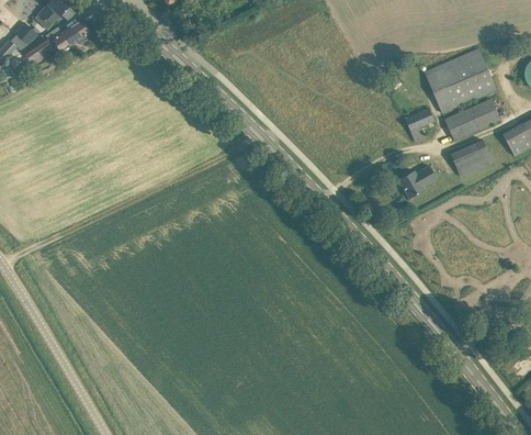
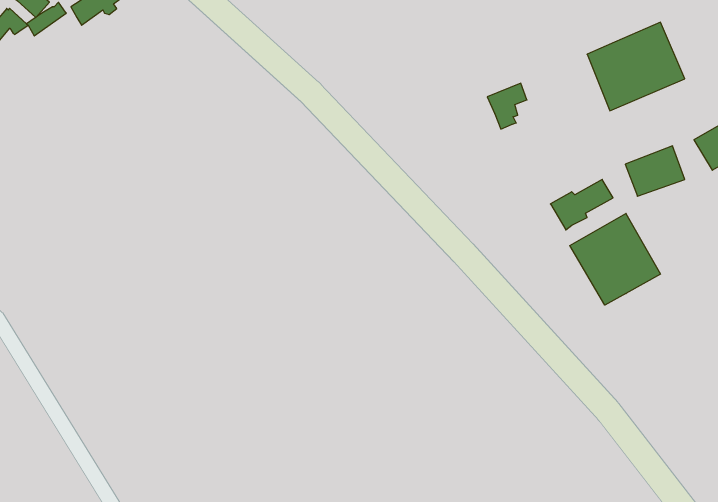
building: [443,99,499,141] -> none
building: [404,109,432,142] -> [487,83,527,129]
building: none -> [570,213,660,305]

